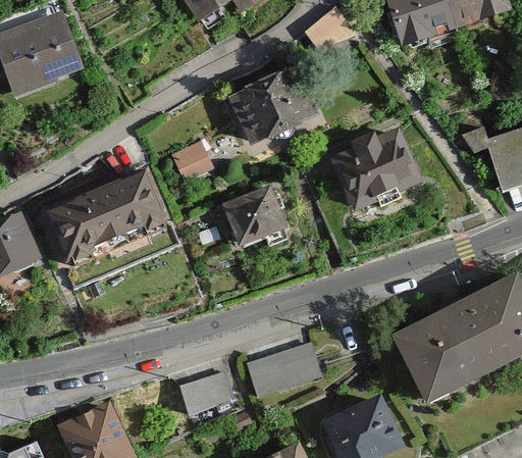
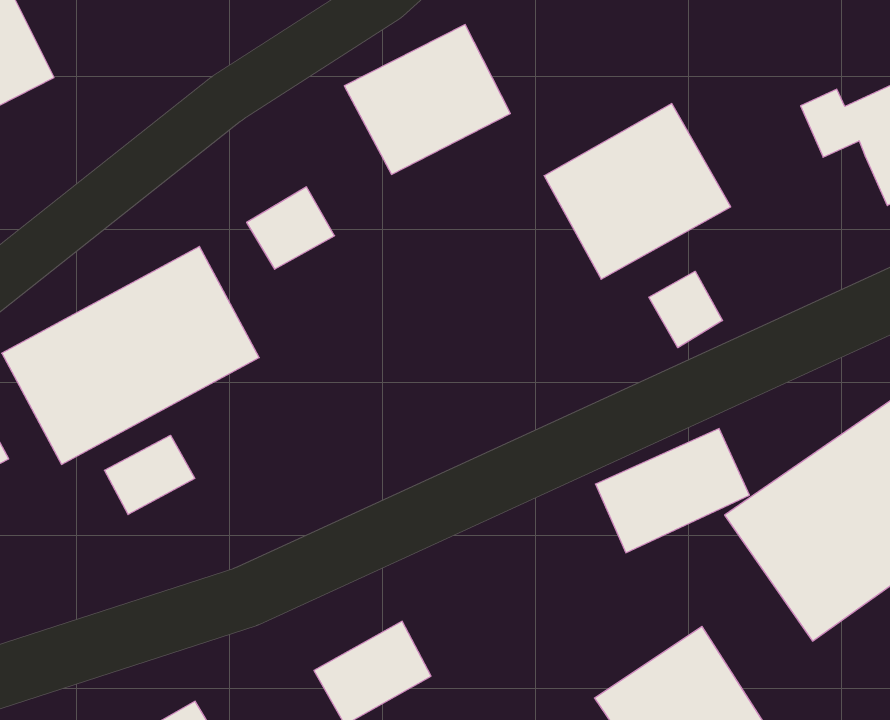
building: [219,186,285,249] -> none
building: none -> [649,271,723,348]
building: none -> [104,435,195,515]
building: [246,341,323,398] -> [595,429,749,553]

